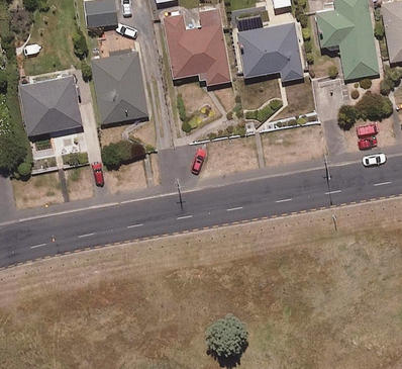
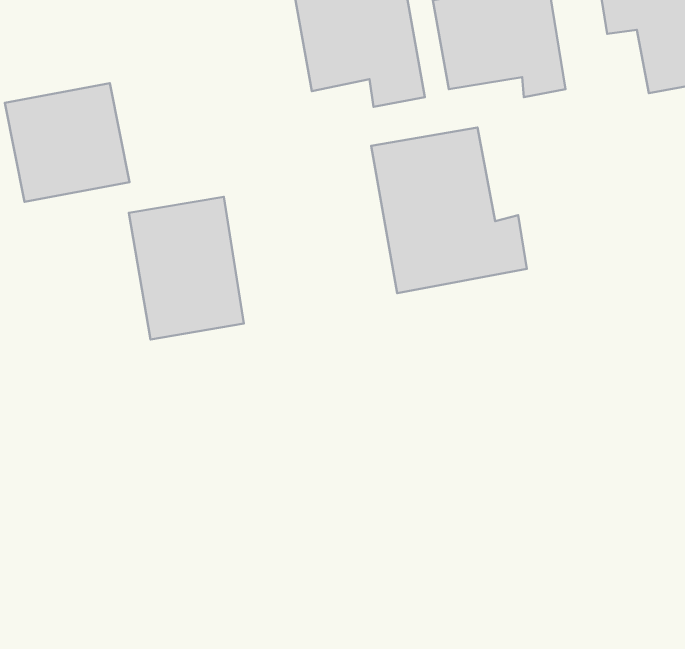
building: [90,51,148,123] -> [129,197,244,339]
building: none -> [371,127,527,293]

